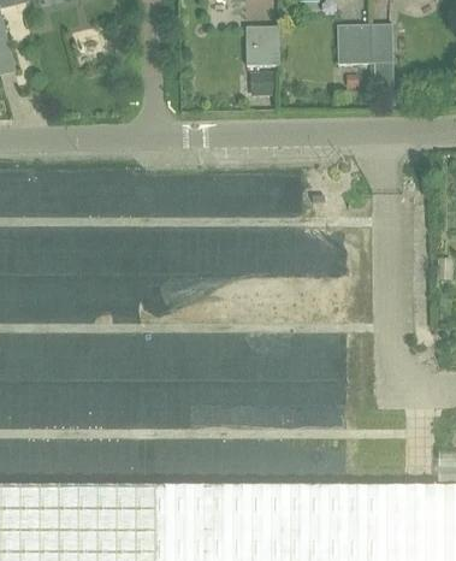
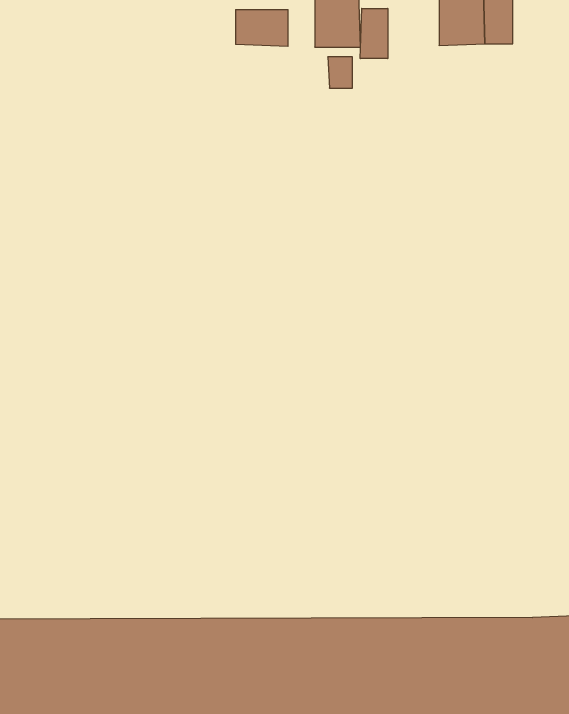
building: none -> [360,8,388,59]
building: none -> [236,10,288,46]

